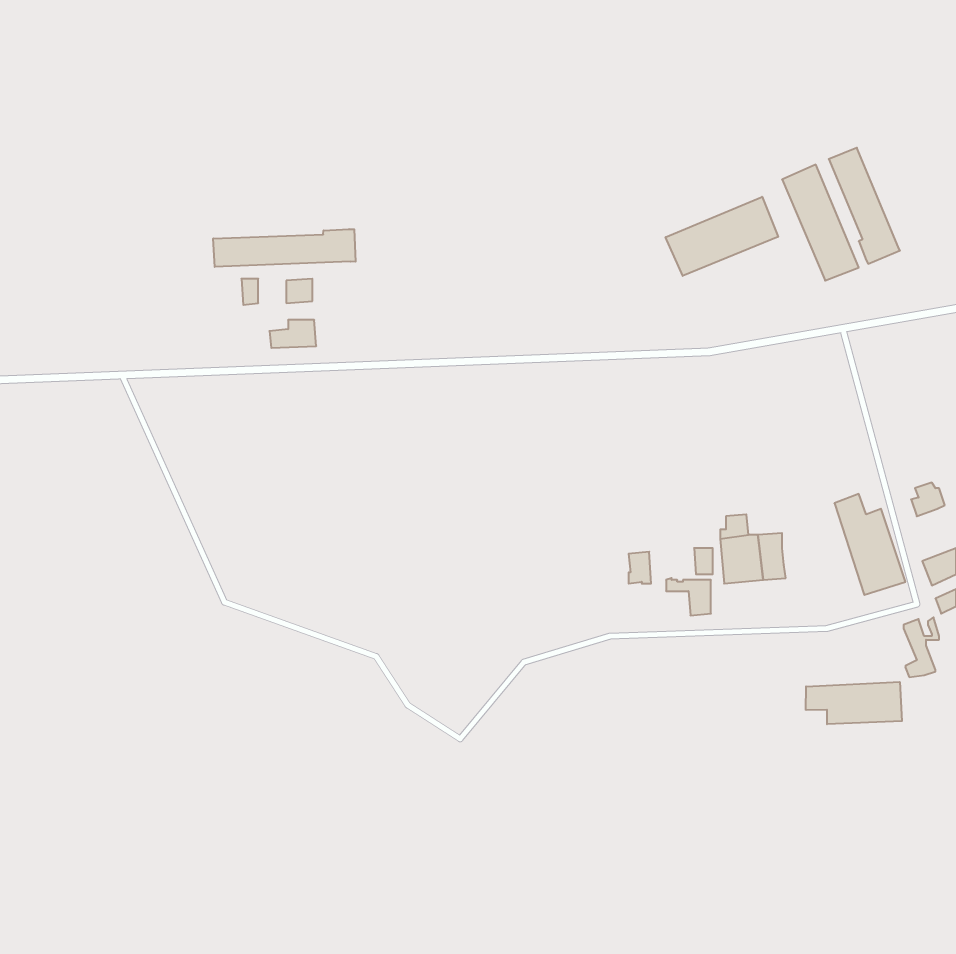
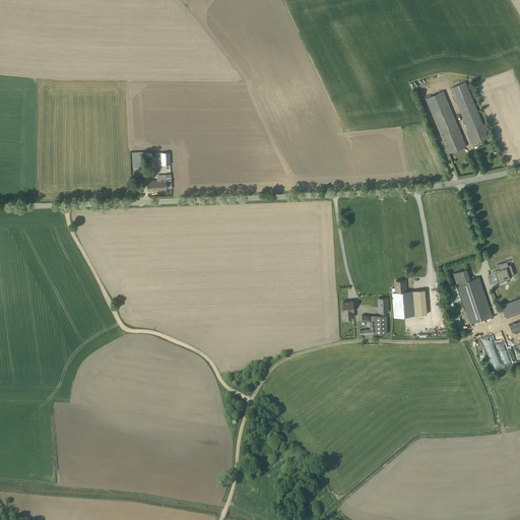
building: [666,197,778,276] -> none
building: [213,229,356,267] -> none
building: [806,682,902,724] -> none

